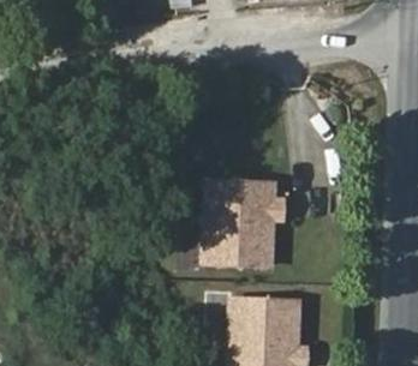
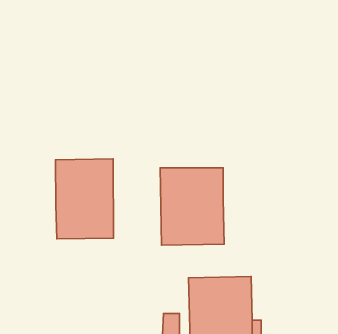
building: none -> [56,159,113,239]

